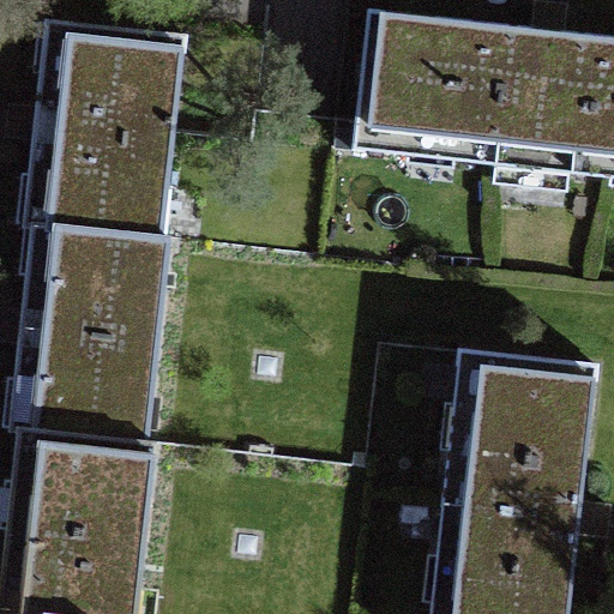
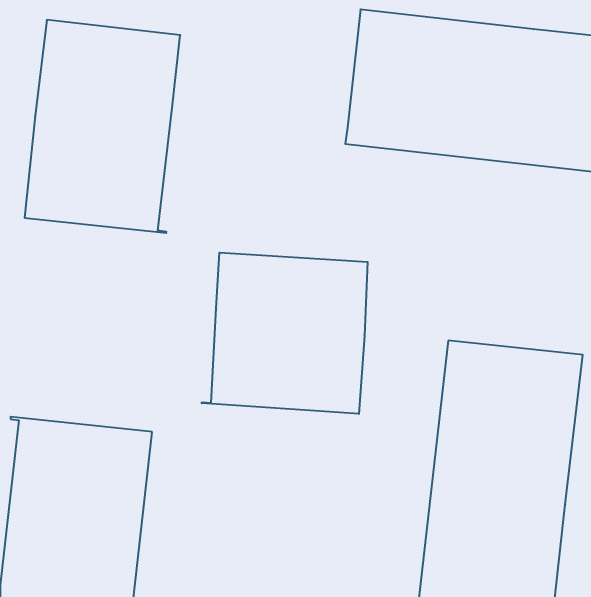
building: [18,224,177,444] -> none
building: none -> [202,253,368,414]

